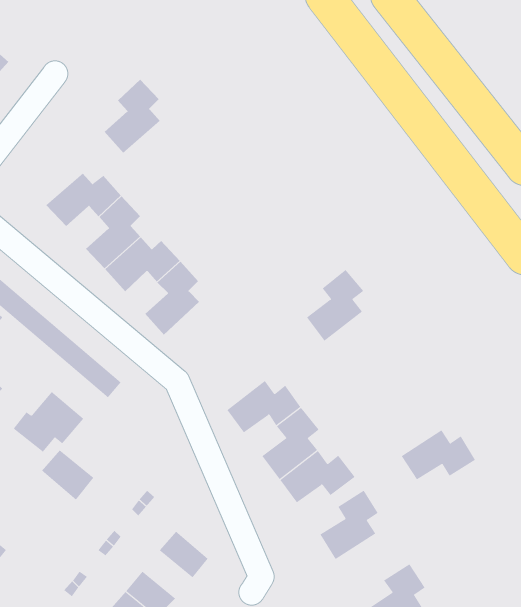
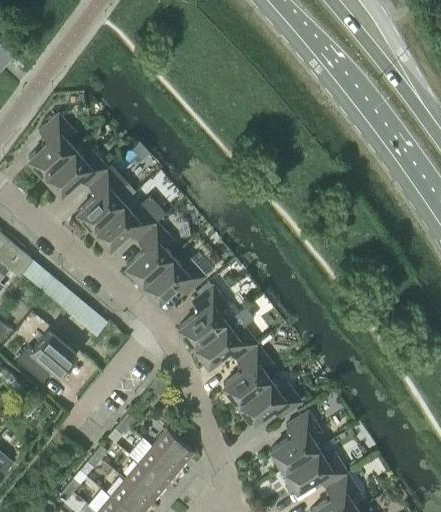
building: [104,79,161,154] -> [28,114,75,176]
building: [306,269,364,342] -> [179,286,227,346]
building: none -> [142,256,205,302]
building: [401,430,476,480] -> [284,448,346,490]
building: [41,449,94,500] -> none
building: none -> [152,429,194,469]
building: none -> [124,462,166,502]

